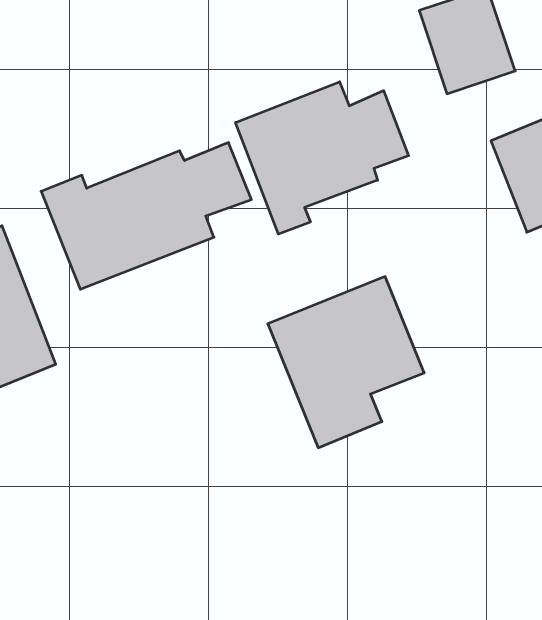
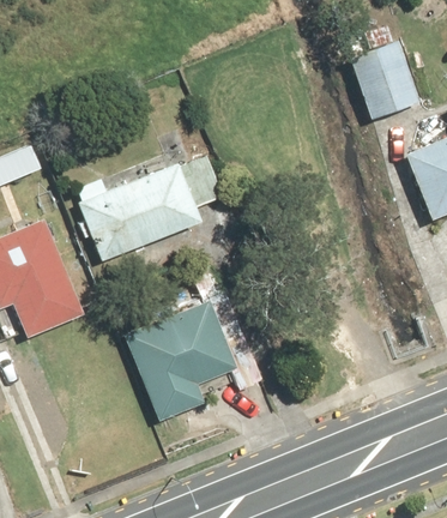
building: [236,82,409,234] -> none
building: [268,277,424,448] -> [121,296,236,422]

